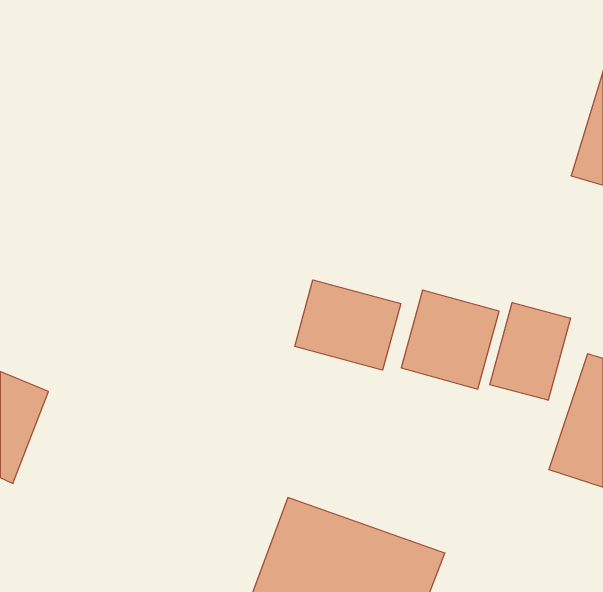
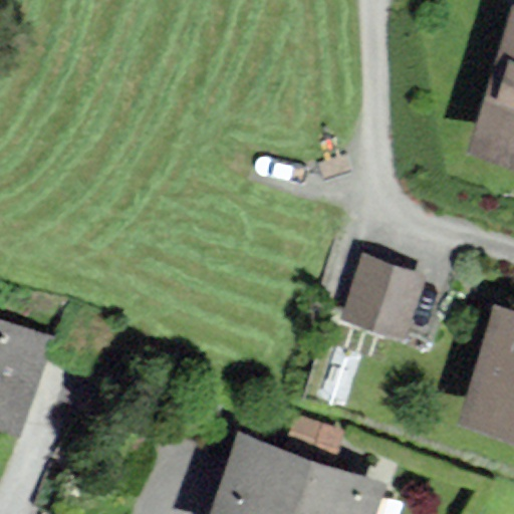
building: [295,280,401,370] -> none
building: [490,302,571,400] -> none

